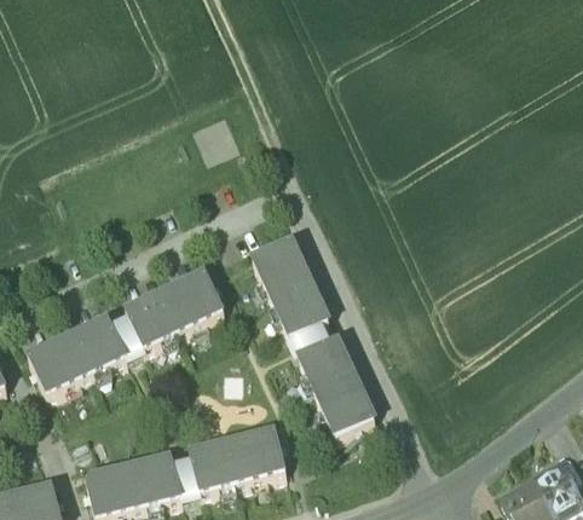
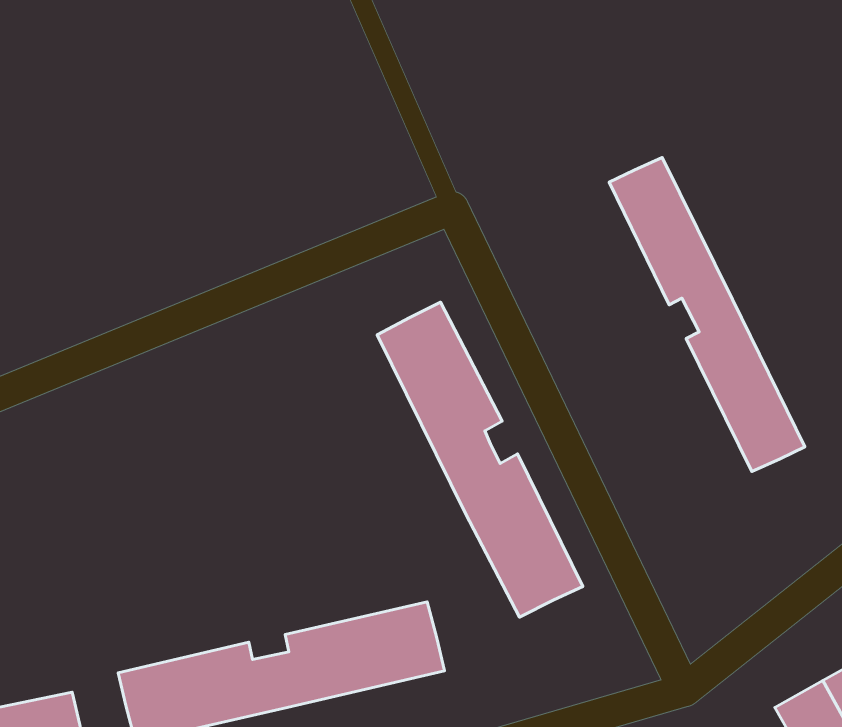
building: none -> [609,158,805,472]
building: [24,271,225,393] -> none

